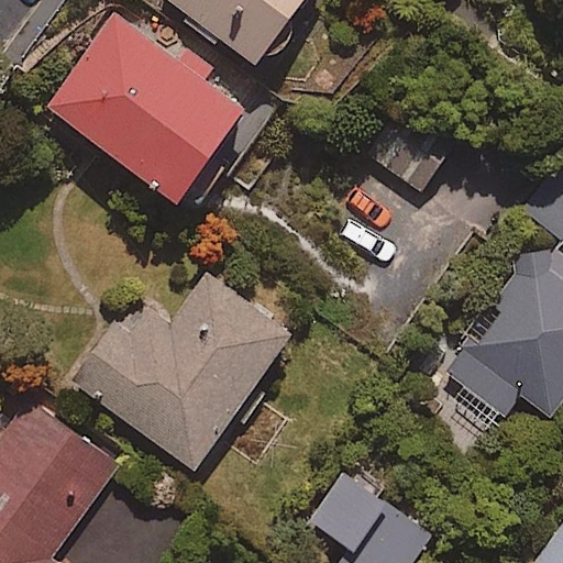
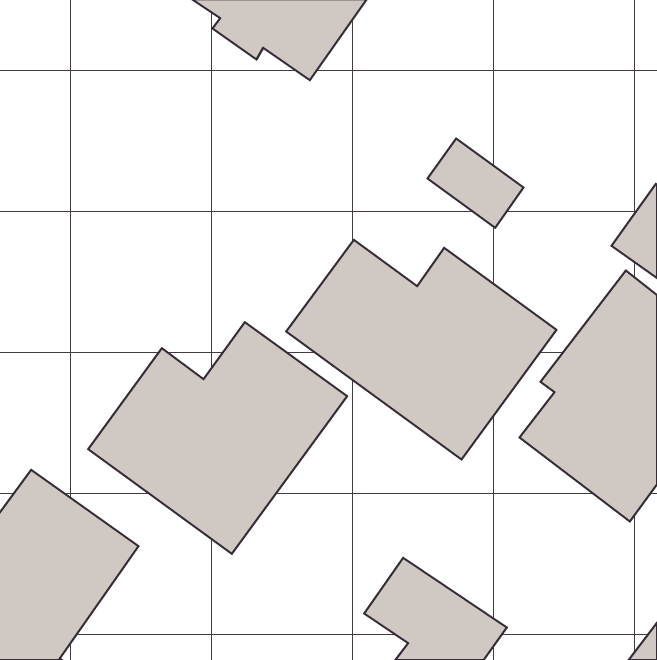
building: [46,10,261,206] -> none
building: none -> [286,240,557,460]

